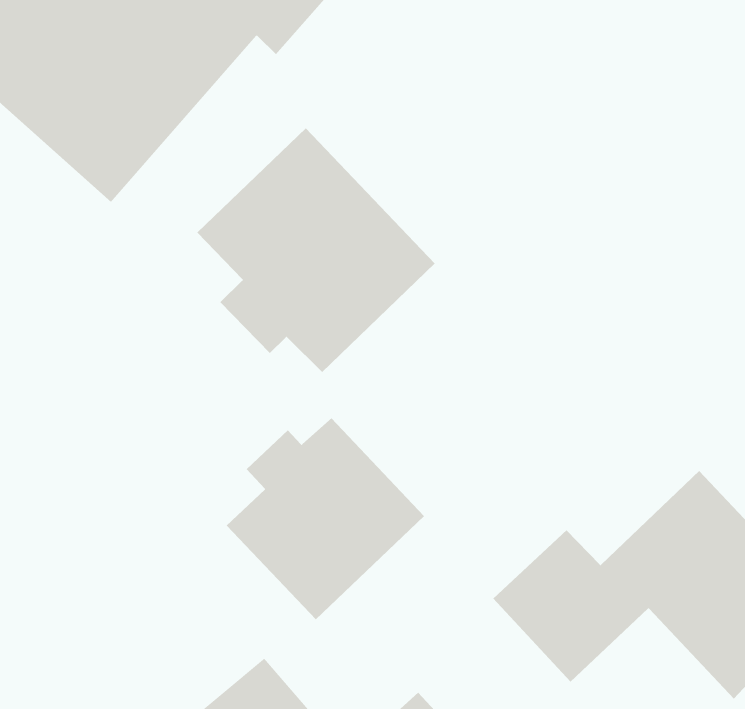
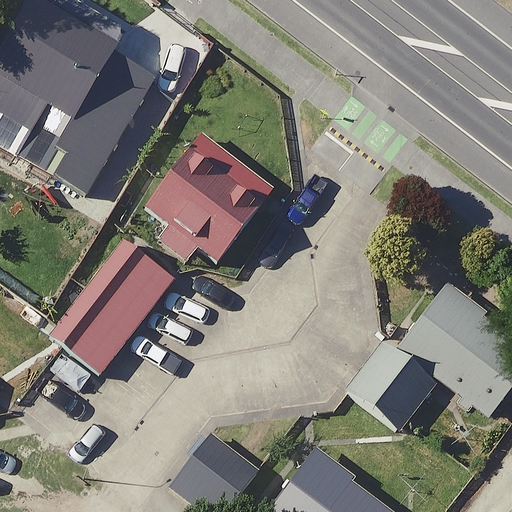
building: none -> [53,239,171,370]
building: [226,417,425,620] -> none

